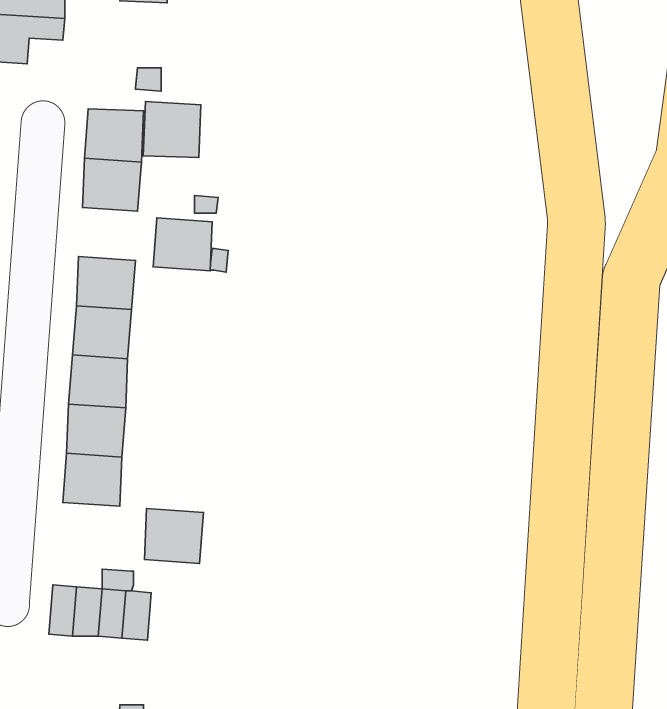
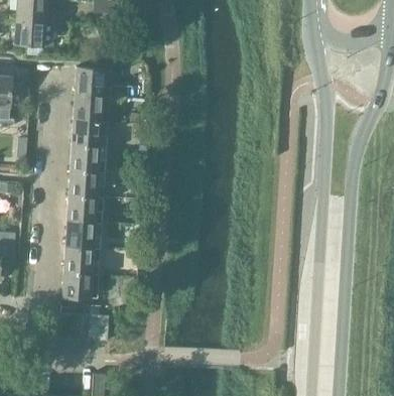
building: [143,101,201,157] -> none
building: [153,218,212,271] -> [73,119,103,146]
building: [144,508,203,563] -> [63,270,94,298]

